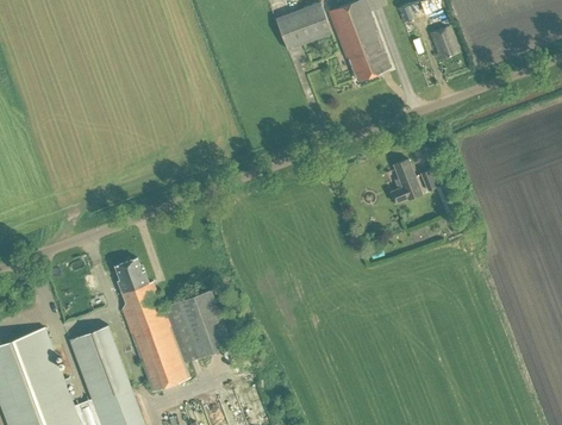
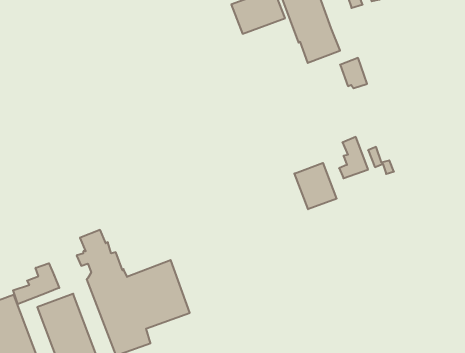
building: [430,26,458,58] -> [340,58,367,88]
building: none -> [294,163,337,209]
building: none -> [13,263,59,304]

